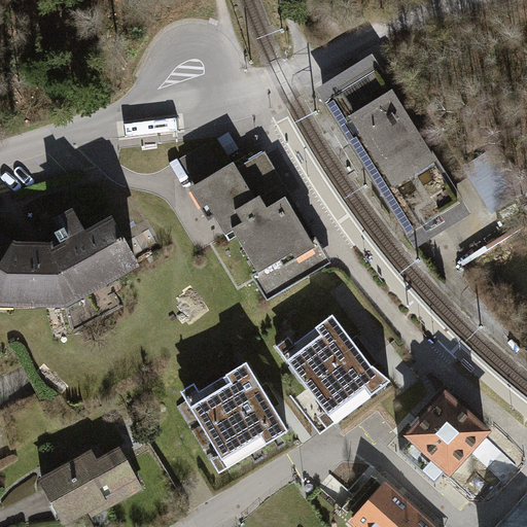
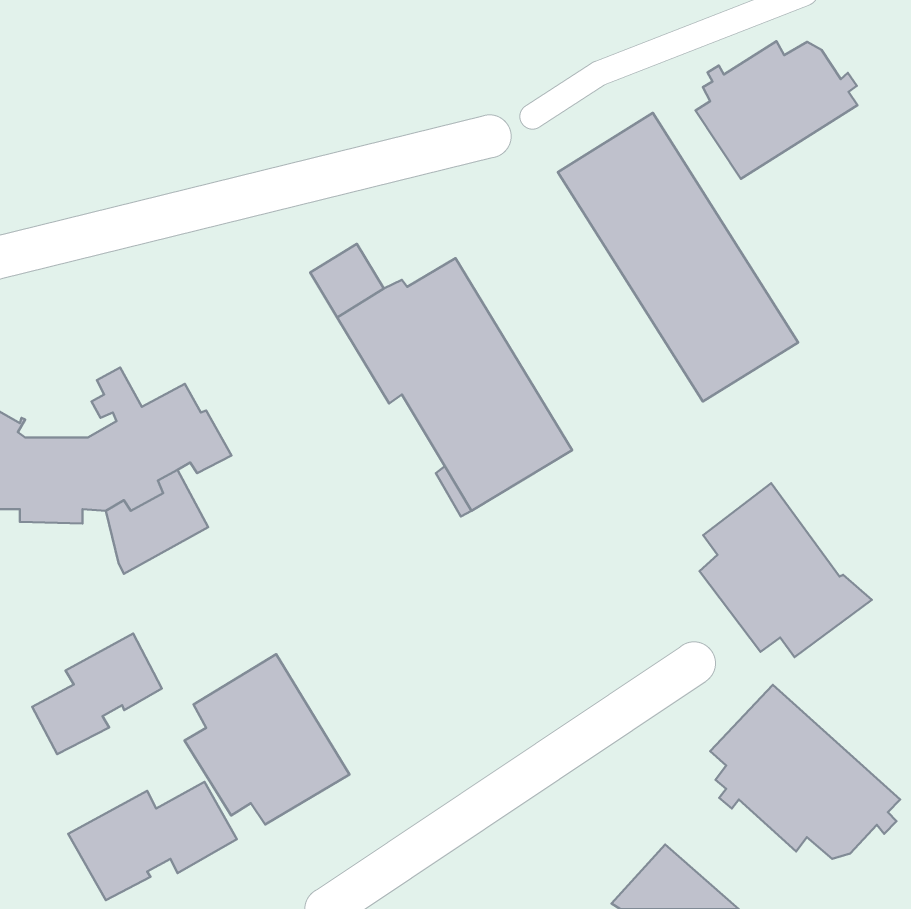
building: none -> [695,41,858,179]
building: [288,311,387,411] -> [700,483,872,657]
building: [190,359,285,457] -> [185,654,350,825]
building: none -> [32,634,162,754]

